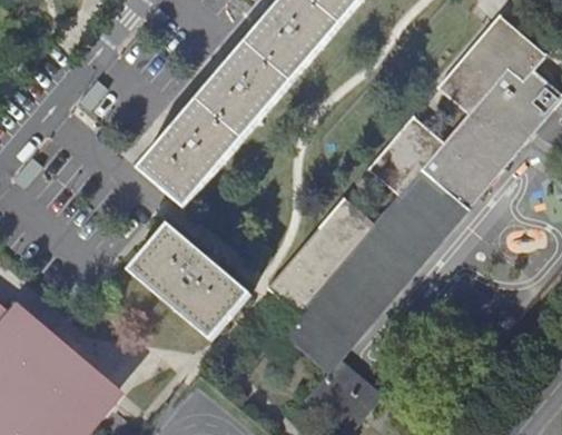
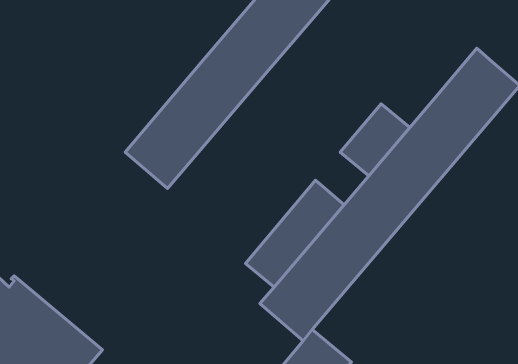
building: [437,14,545,112] -> none
building: [127,224,249,340] -> none

